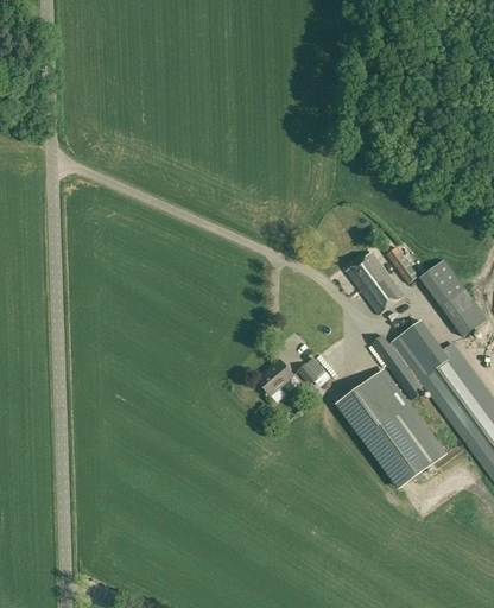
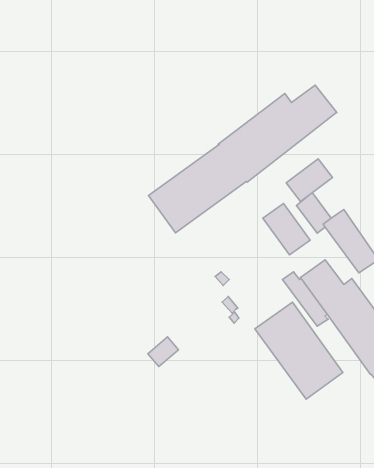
building: none -> [148,85,337,233]
building: none -> [286,159,333,201]
building: [255,360,292,395] -> [148,337,179,367]

